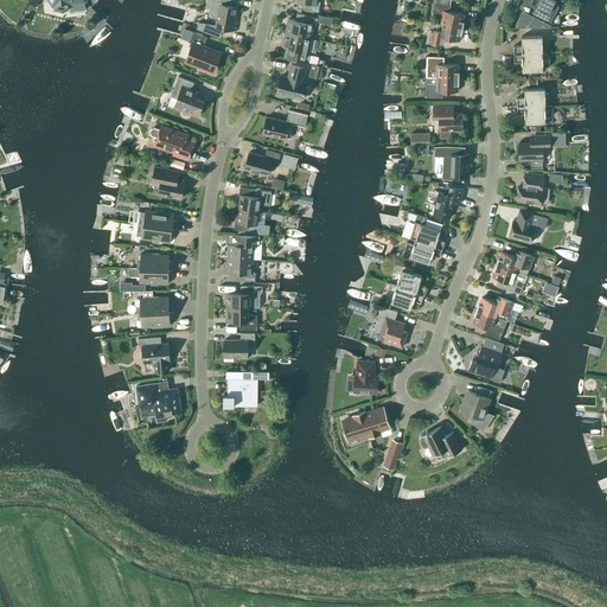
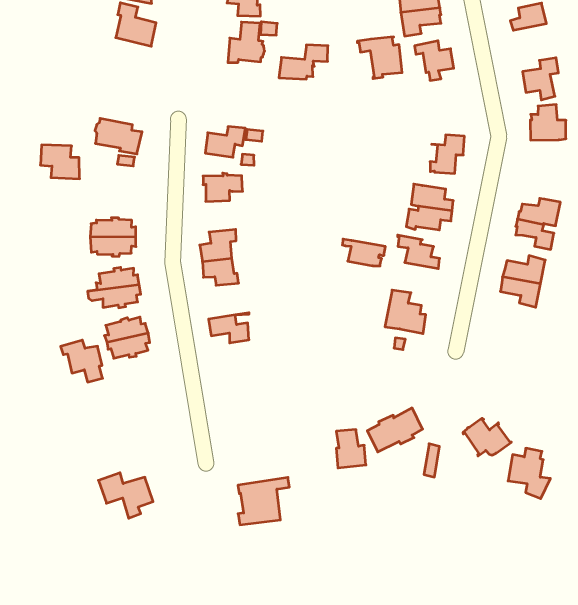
building: [171,76,204,116] -> none
building: [517,106,552,123] -> none
building: [262,110,307,139] -> [279,45,328,79]
building: [434,146,468,179] -> [357,37,402,79]
building: [151,166,184,199] -> [40,145,80,179]
building: [234,209,269,235] -> none
building: [509,210,536,243] -> none
building: [388,283,423,311] -> [342,239,385,266]
building: [225,286,262,307] -> none
building: [224,333,255,362] -> none
building: [138,337,170,372] -> [61,340,103,382]
building: [468,338,504,382] -> none
building: [353,360,378,392] -> [336,430,366,468]
building: [223,371,269,405] -> [238,477,289,525]
building: [136,383,179,422] -> [98,473,153,518]
building: [459,386,494,430] -> [508,448,550,499]

